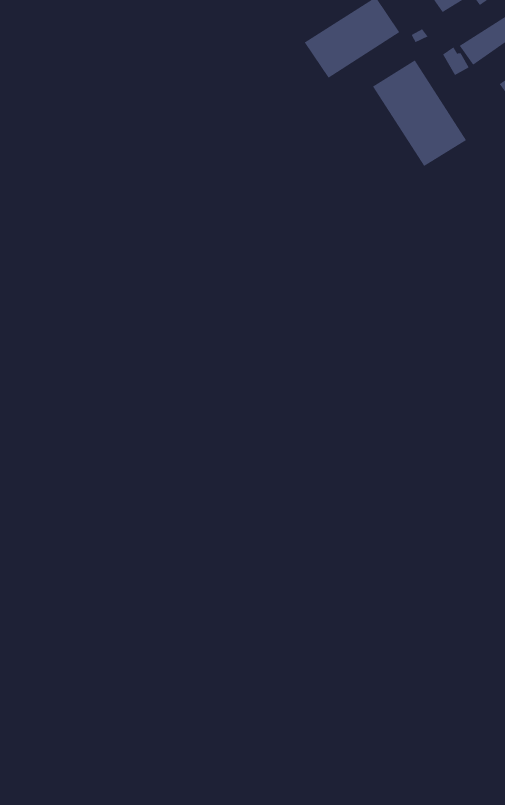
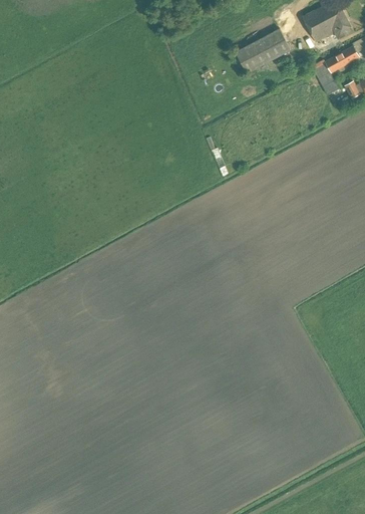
building: [372,60,467,167] -> none

